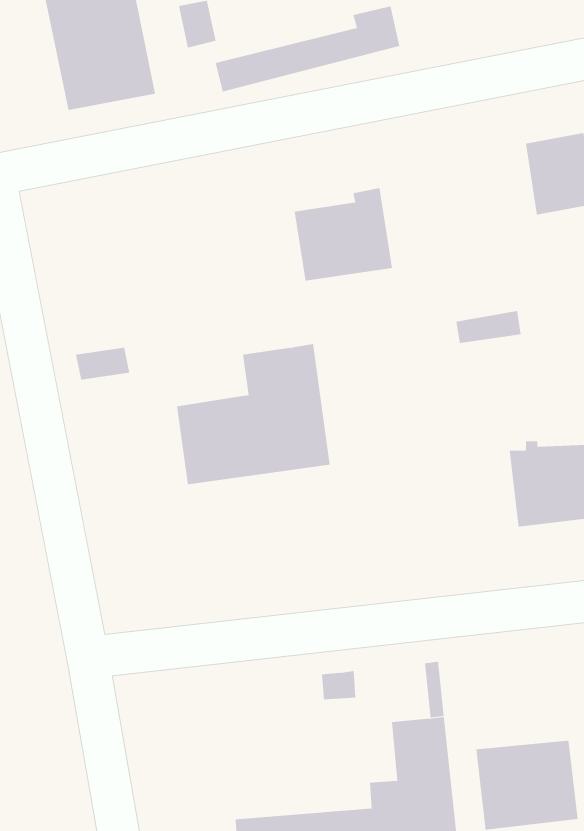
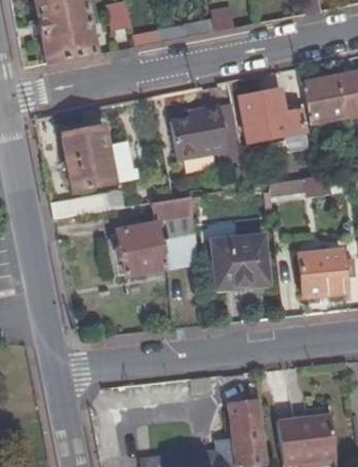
building: none -> [242,86,308,144]
building: none -> [64,125,117,190]
building: none -> [212,235,265,286]

